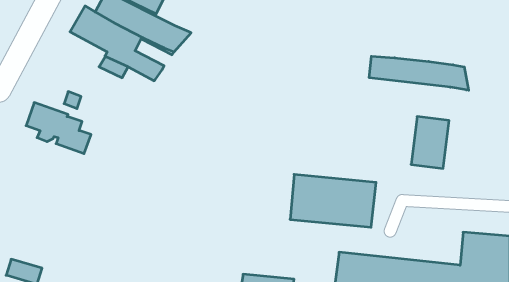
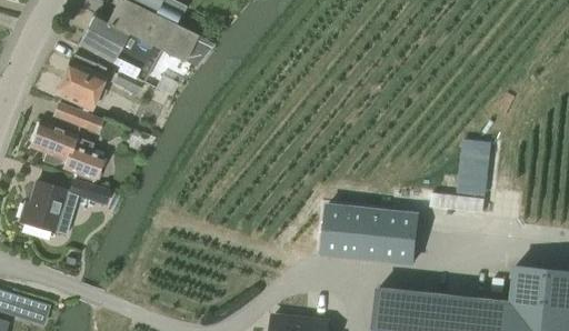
building: none -> [57,54,108,110]
building: [369,56,469,90] -> none
building: none -> [20,180,110,235]

